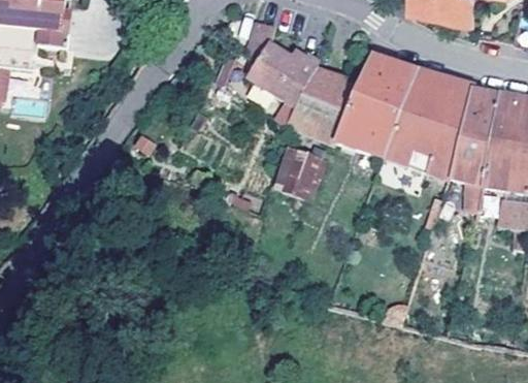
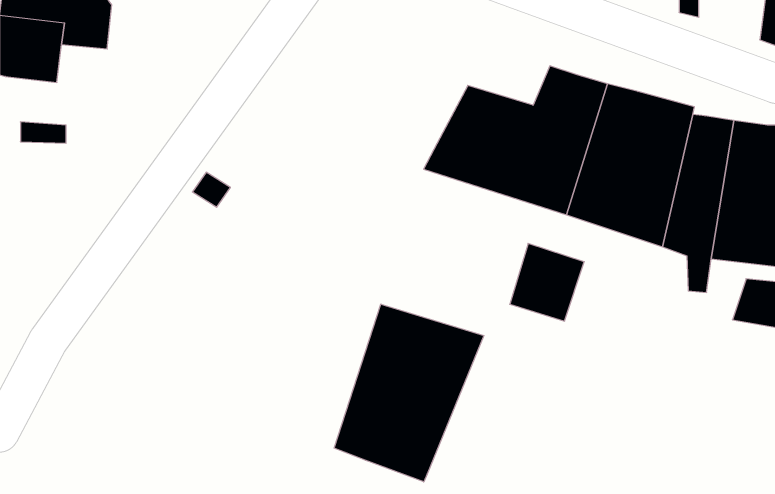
building: [248,24,320,110] -> none
building: [275,150,326,202] -> [510,243,584,321]
building: none -> [334,304,484,482]

